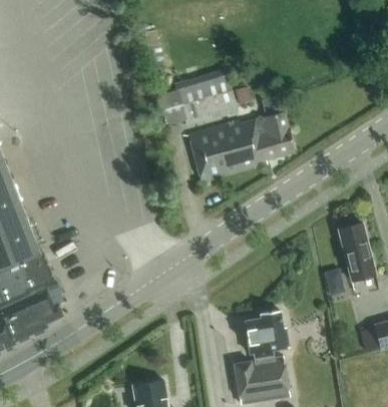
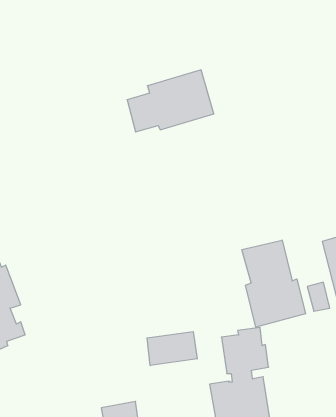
building: [189,112,294,182] -> none
building: none -> [242,240,305,327]
building: none -> [147,332,197,366]

